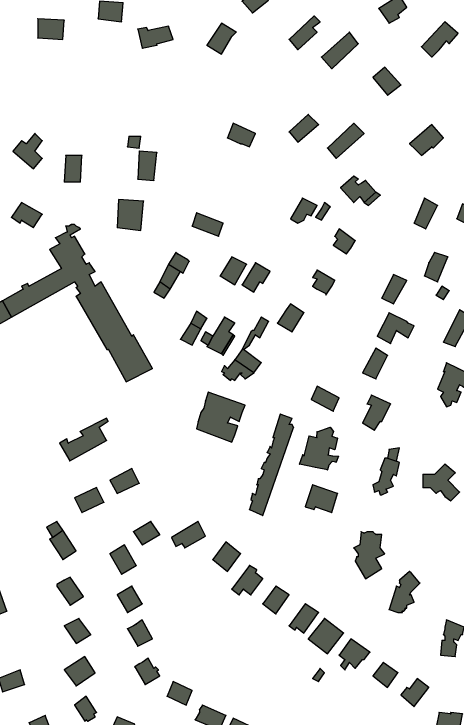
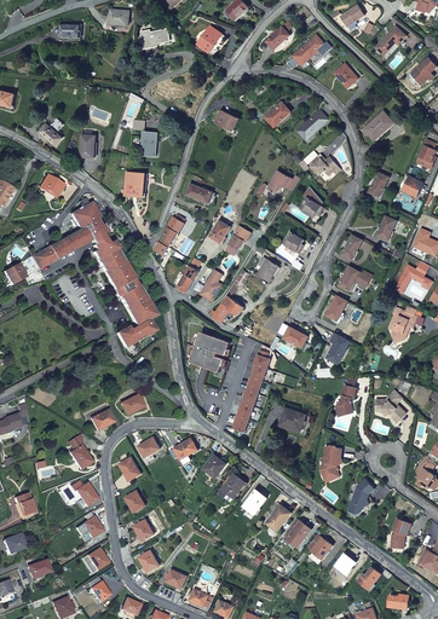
building: [60,418,108,461] -> [115,312,155,347]
building: [300,427,339,470] -> none

